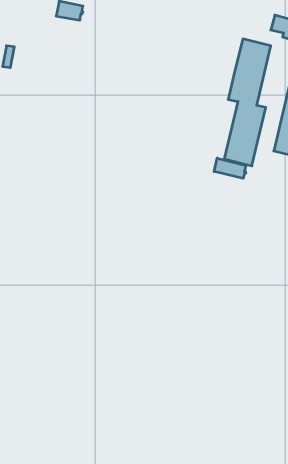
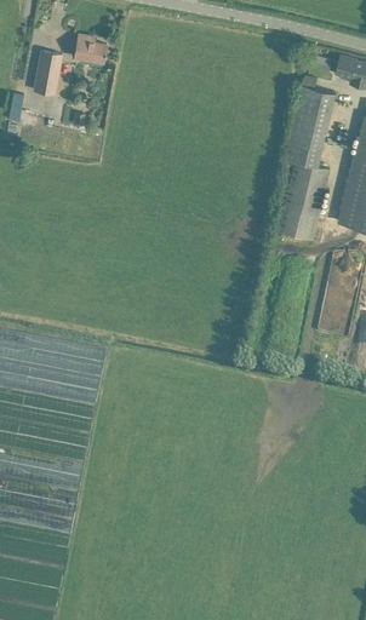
building: none -> [34,51,62,96]
building: [214,158,246,178] -> none

